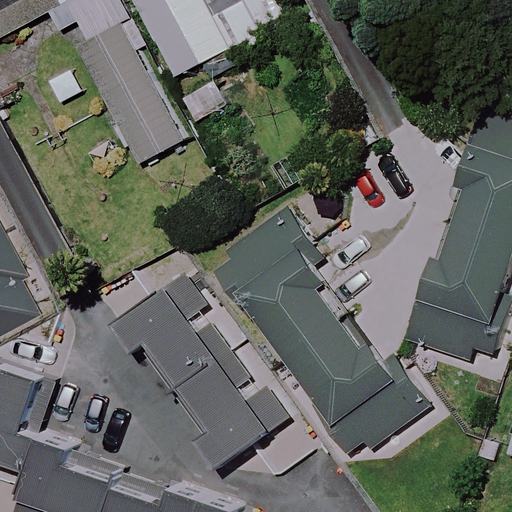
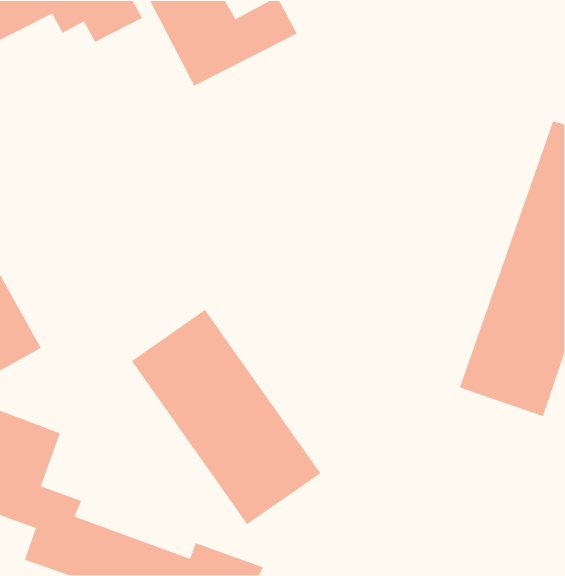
building: [77,25,185,164] -> none
building: [217,211,426,458] -> none

